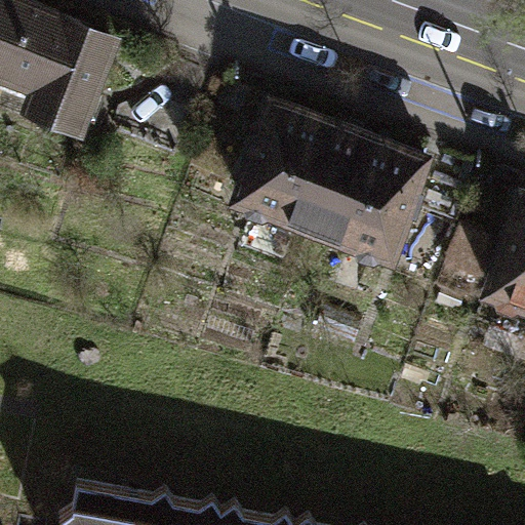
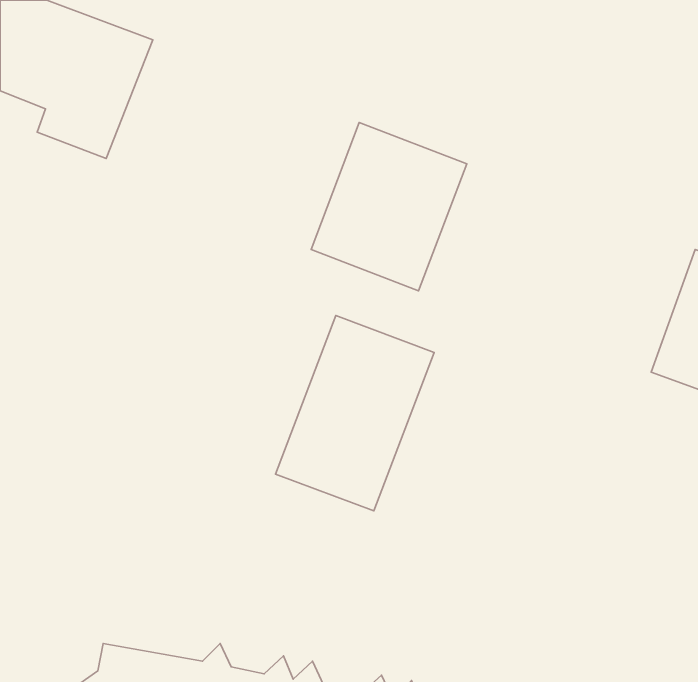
building: [316,138,428,261] -> none
building: none -> [276,316,434,511]

